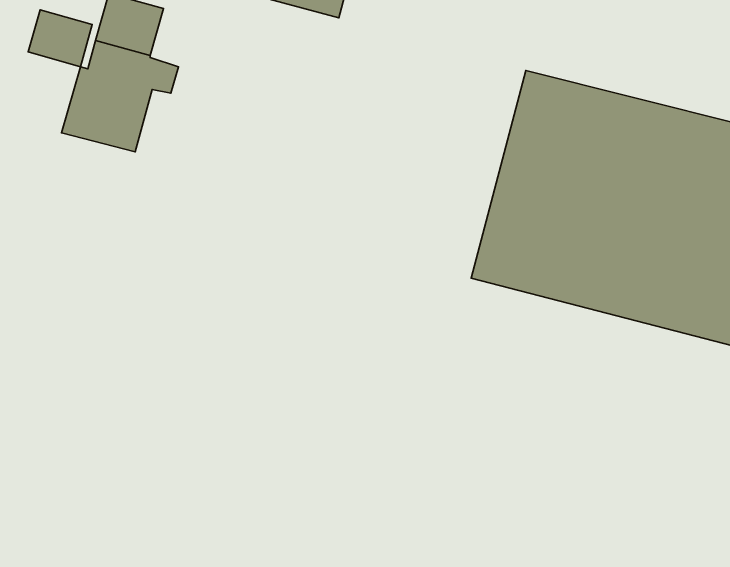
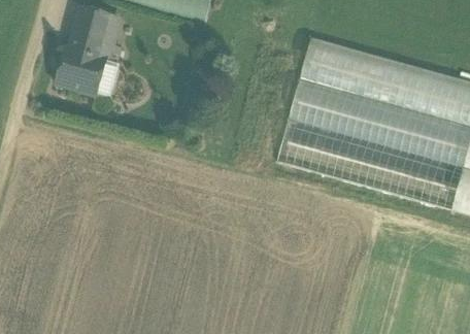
building: [28,10,92,67] -> none

